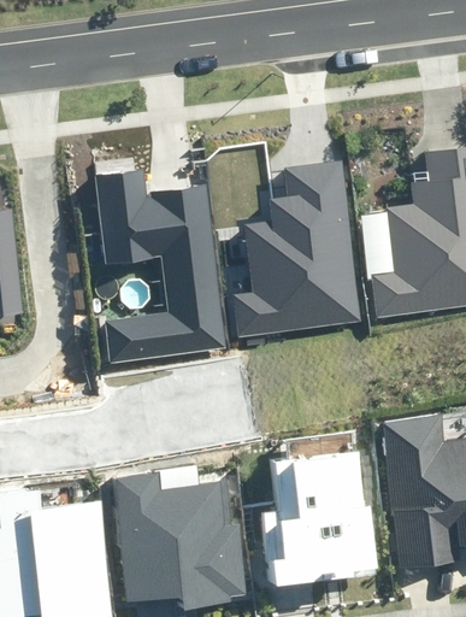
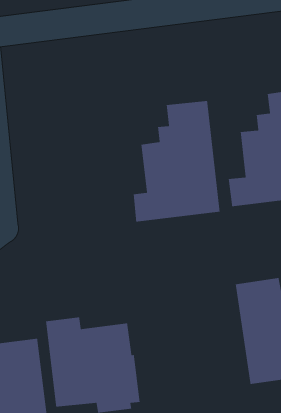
building: [94,171,225,363] -> none
building: [267,453,379,586] -> none

